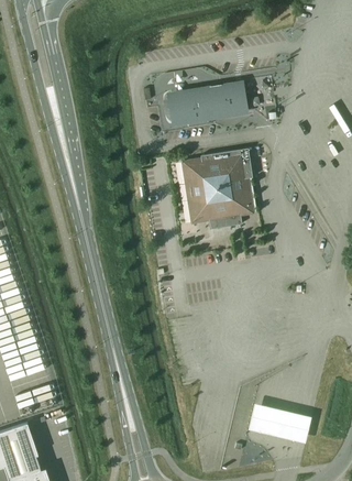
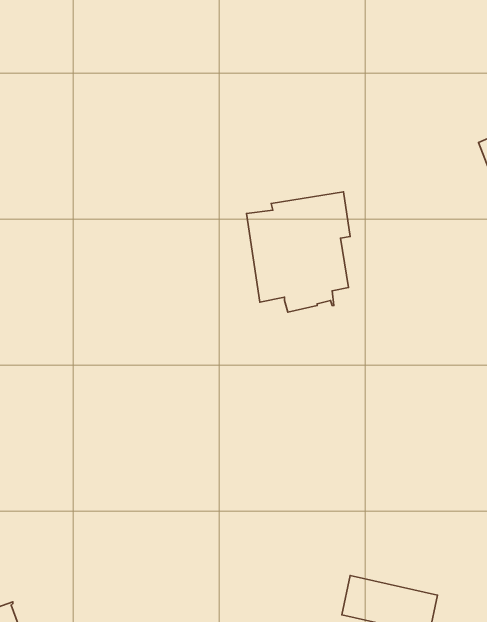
building: [167,78,249,123] -> none

